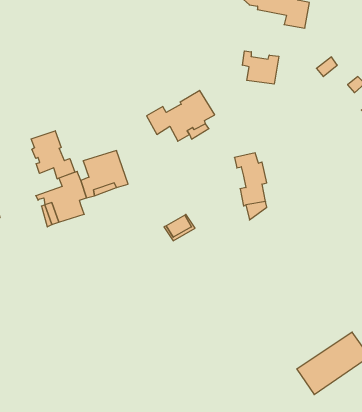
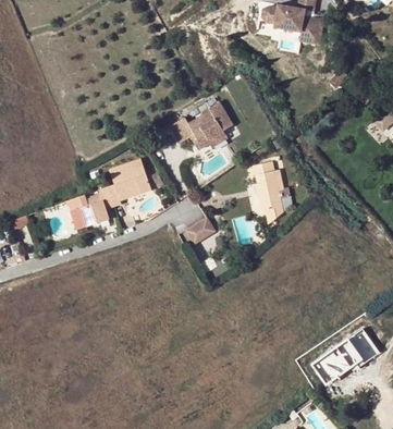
building: [242,51,279,84] -> none
building: [31,131,75,179] -> none

